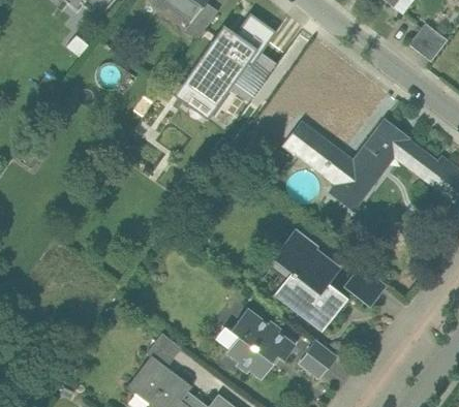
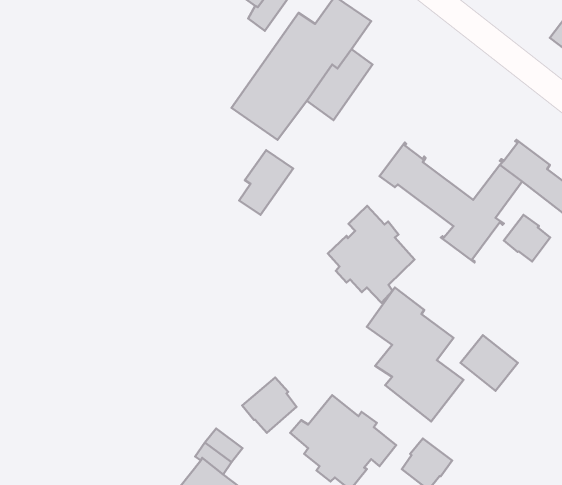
building: none -> [239,150,293,215]
building: none -> [328,206,415,303]
building: none -> [504,215,550,261]
building: none -> [242,378,297,433]

